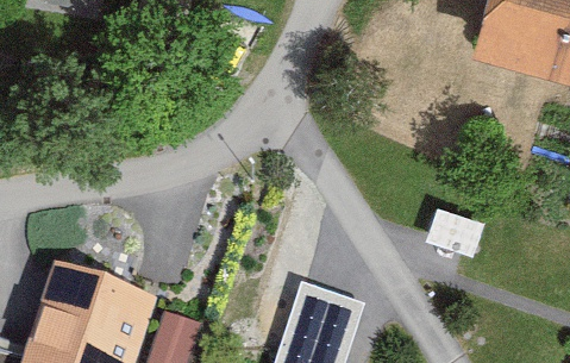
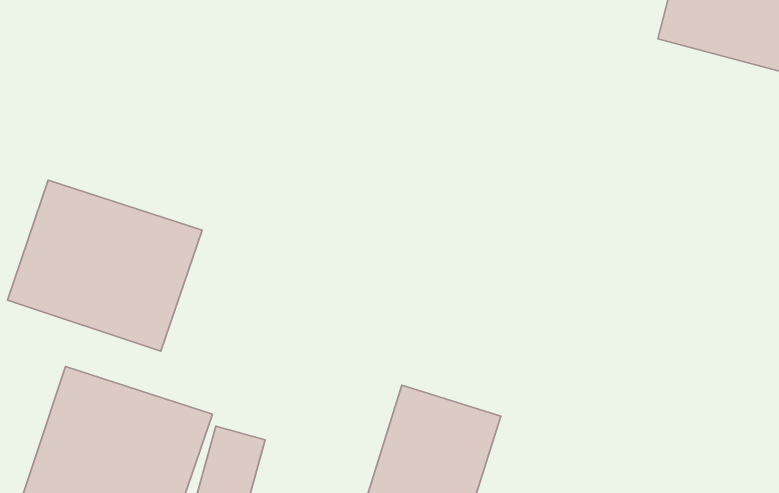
building: none -> [8,180,202,351]

